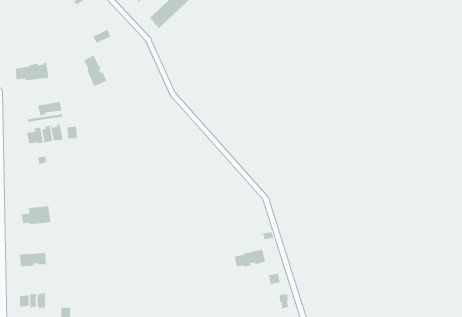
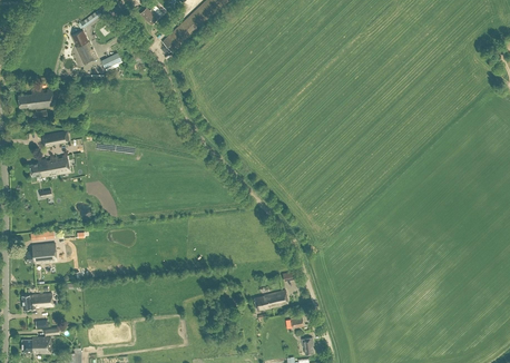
building: [84,55,107,87] -> [72,30,98,65]

